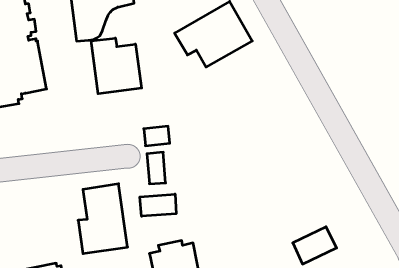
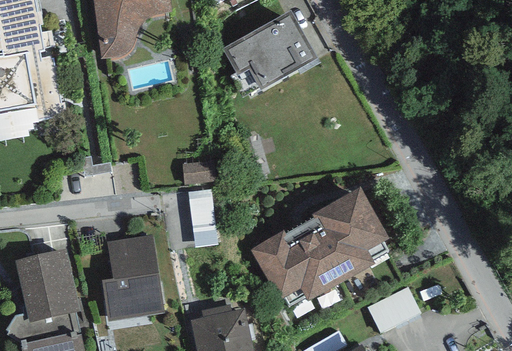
building: [91,38,142,94] -> none
building: none -> [250,186,388,305]
building: [140,194,176,216] -> none
building: none -> [15,249,80,322]

